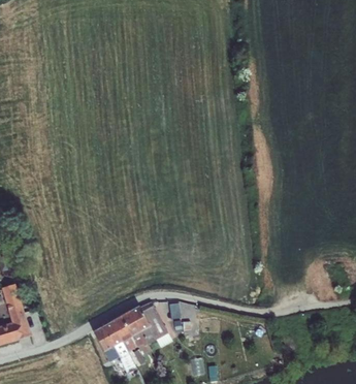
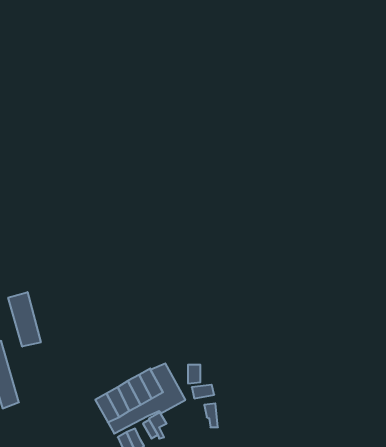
building: none -> [8,292,41,347]

